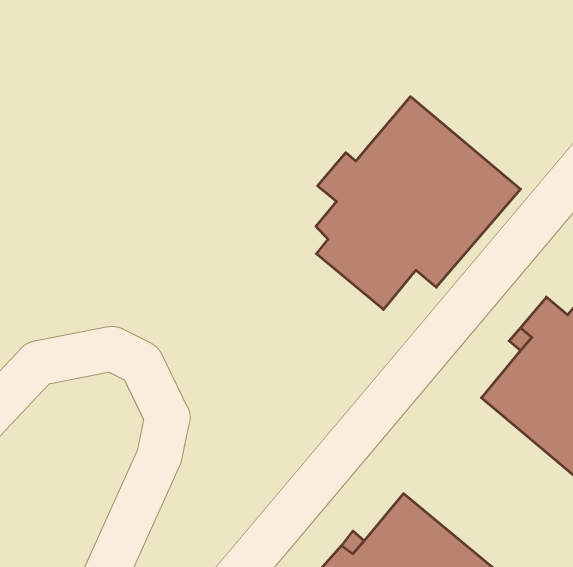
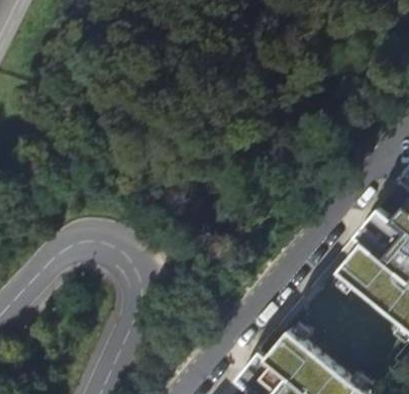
building: [316,97,521,310] -> none

